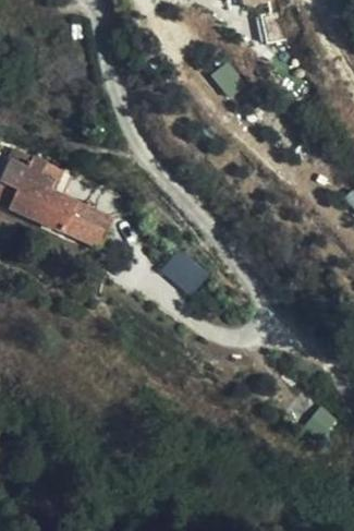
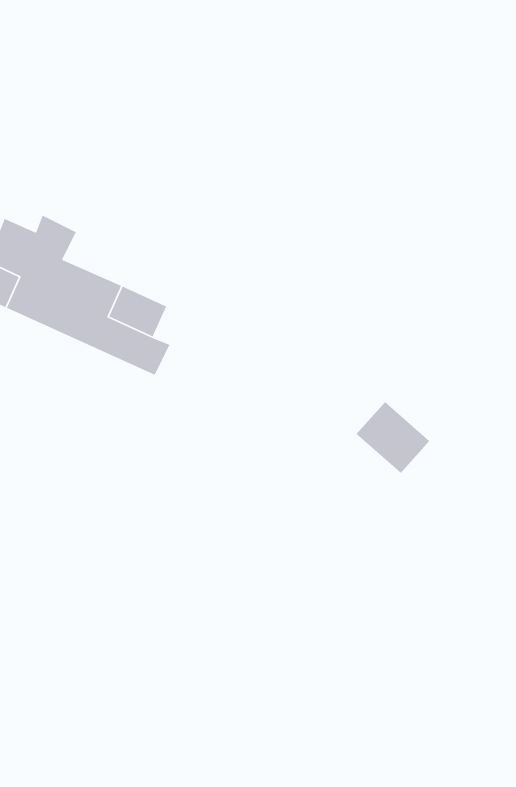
building: [163,248,210,293] -> [356,401,430,474]

